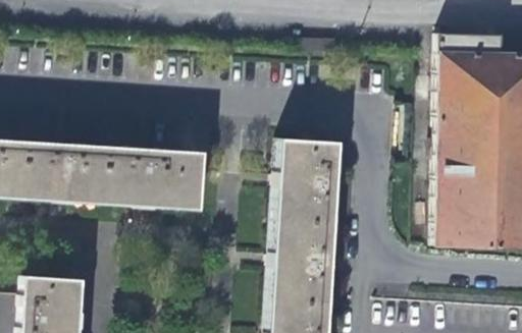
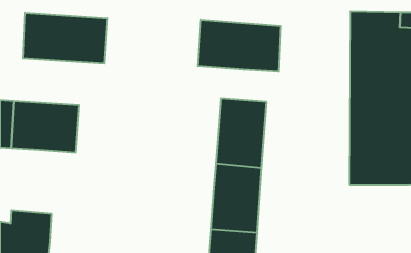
building: none -> [23,13,107,63]
building: none -> [198,20,281,72]
building: [105,146,205,209] -> none

